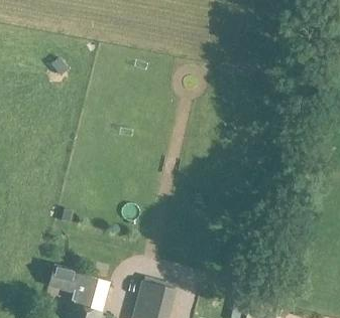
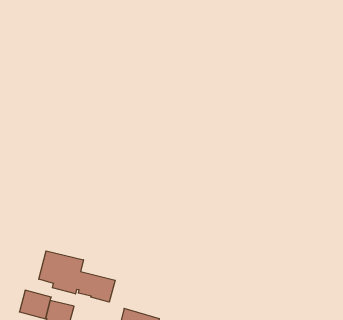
building: none -> [39,251,115,302]

